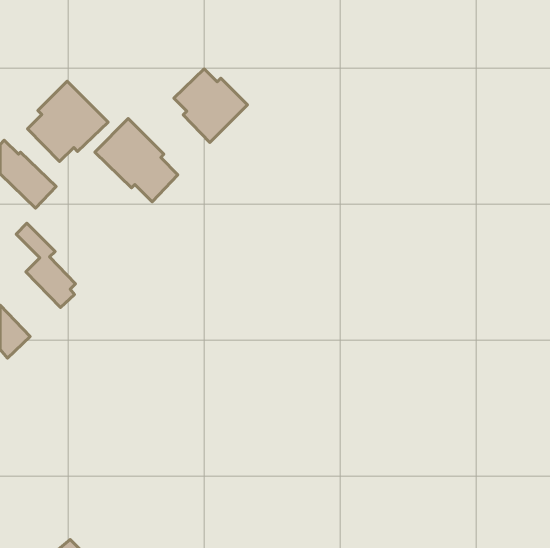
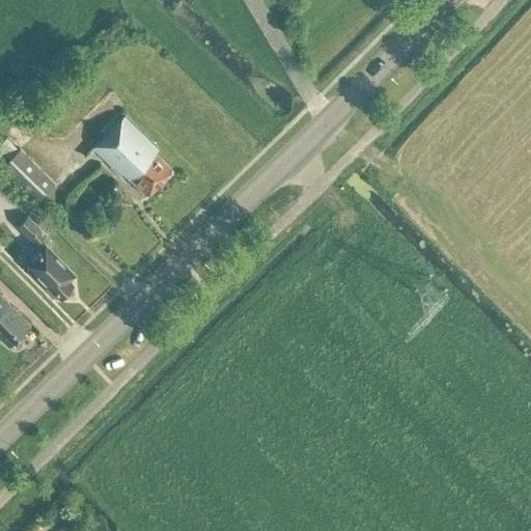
building: [174,69,247,143] -> none
building: [28,81,108,162] -> none

